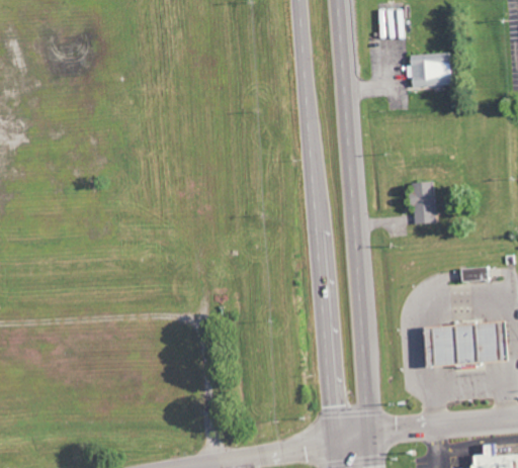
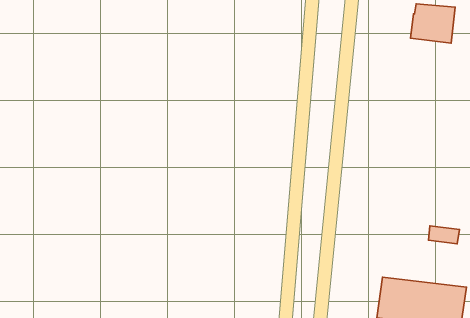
building: [410,182,436,224] -> none

